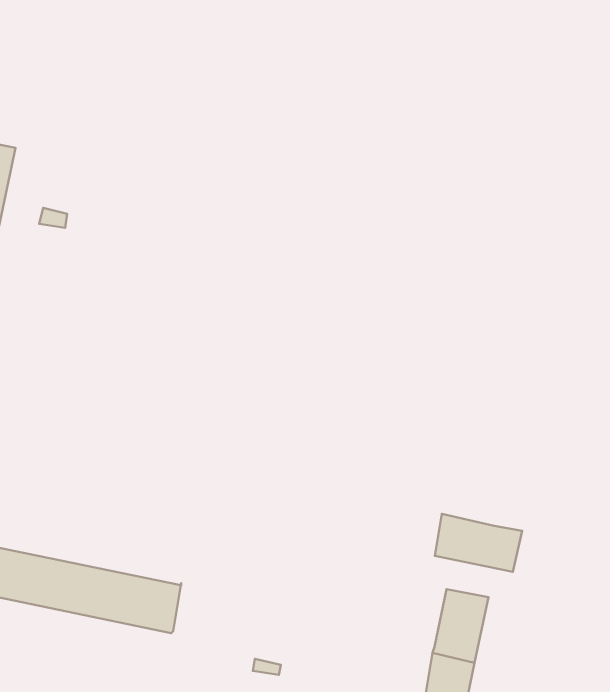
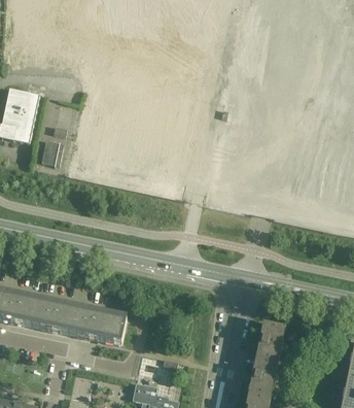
building: none -> [40,139,63,165]
building: [435,514,522,572] -> none

